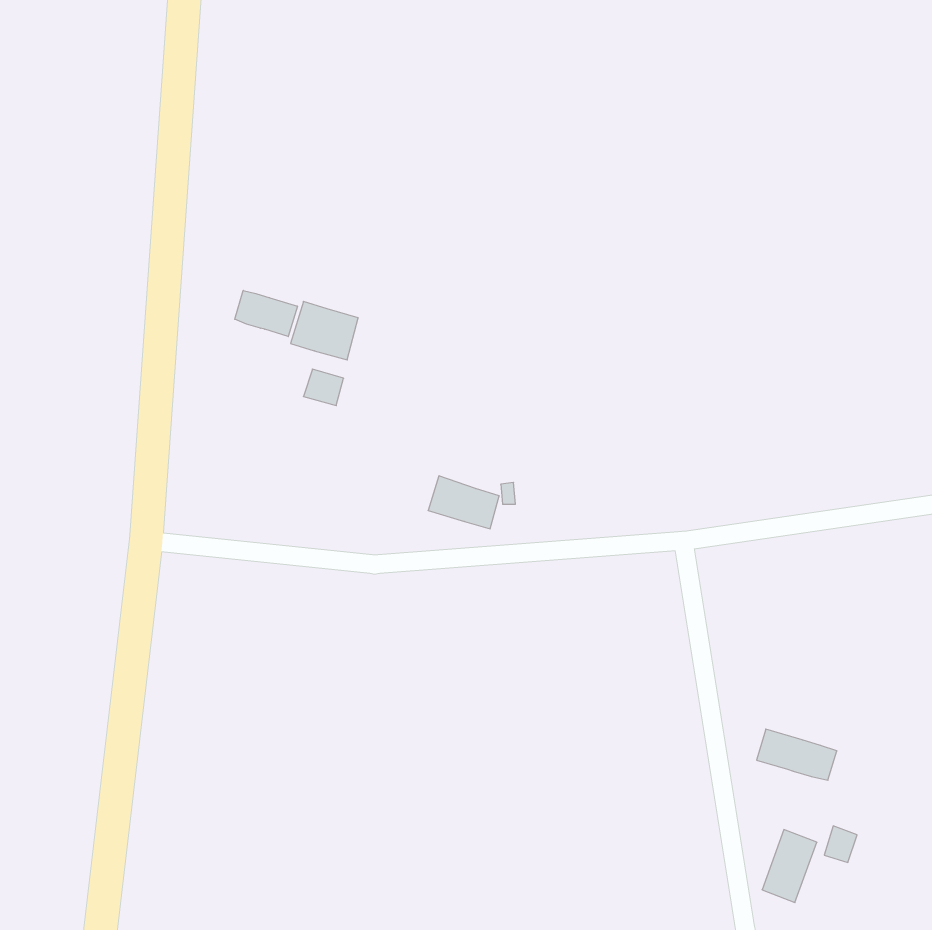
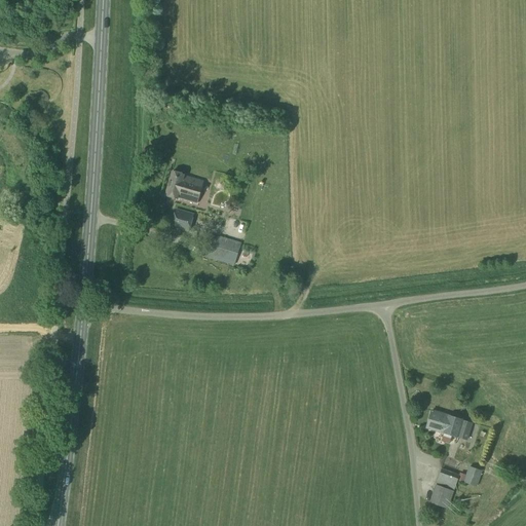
building: [235,290,297,337] -> none
building: [428,476,499,529] -> [200,234,240,264]

